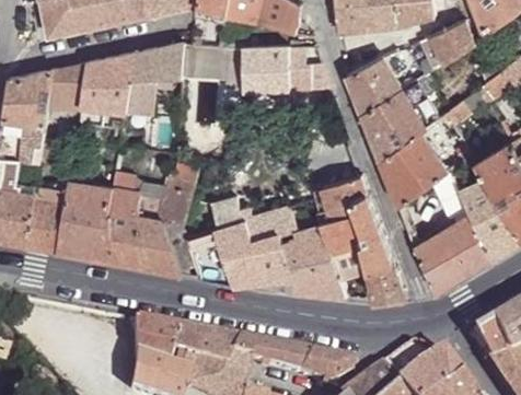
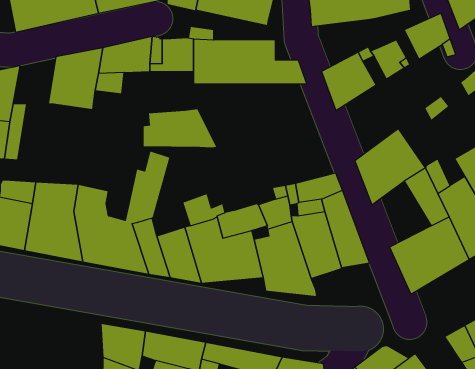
building: [46,62,88,112] -> none
building: [361,90,428,164] -> none
building: none -> [143,109,217,148]
building: [367,264,406,300] -> none

